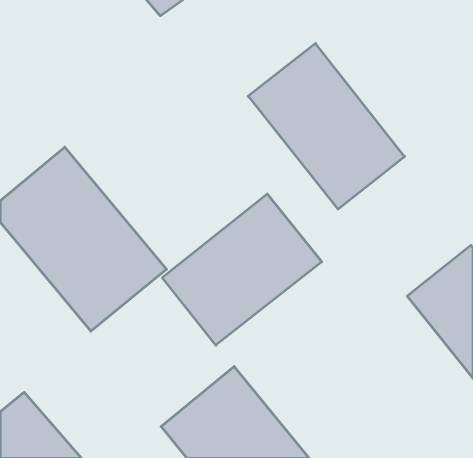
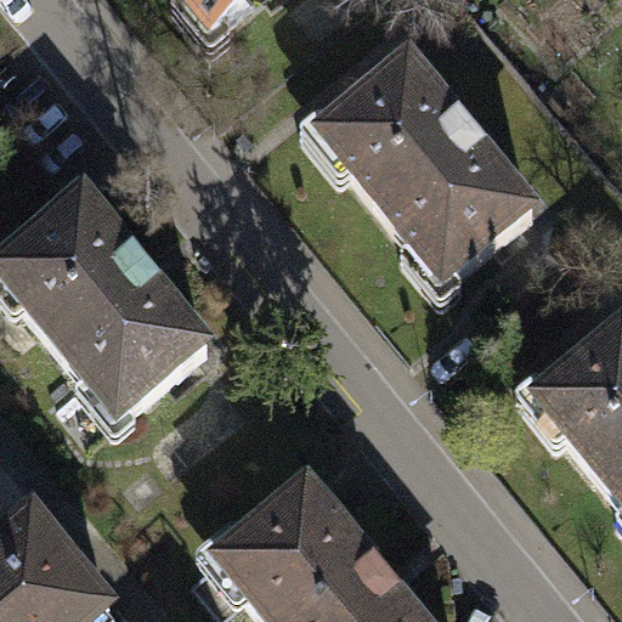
building: [162,194,322,345] -> none

